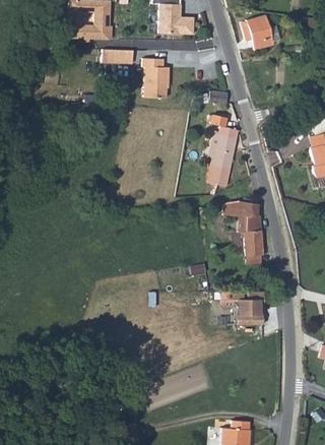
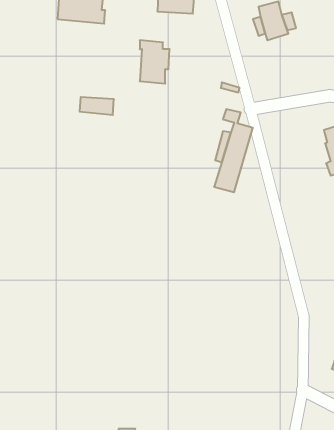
building: [100,49,131,65] -> [80,97,114,115]
building: [228,200,262,258] -> none
building: [237,299,264,326] -> none

